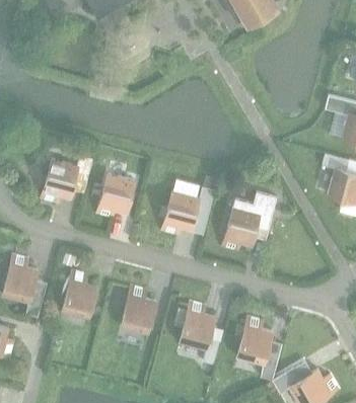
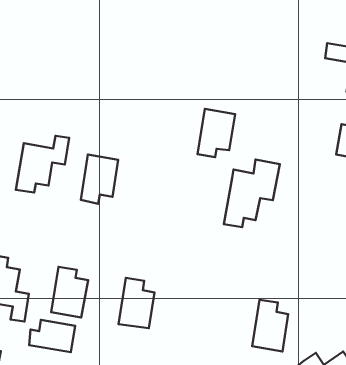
building: [161,192,198,236] -> [198,109,235,157]
building: [179,303,213,350] -> none
building: none -> [29,320,75,352]

